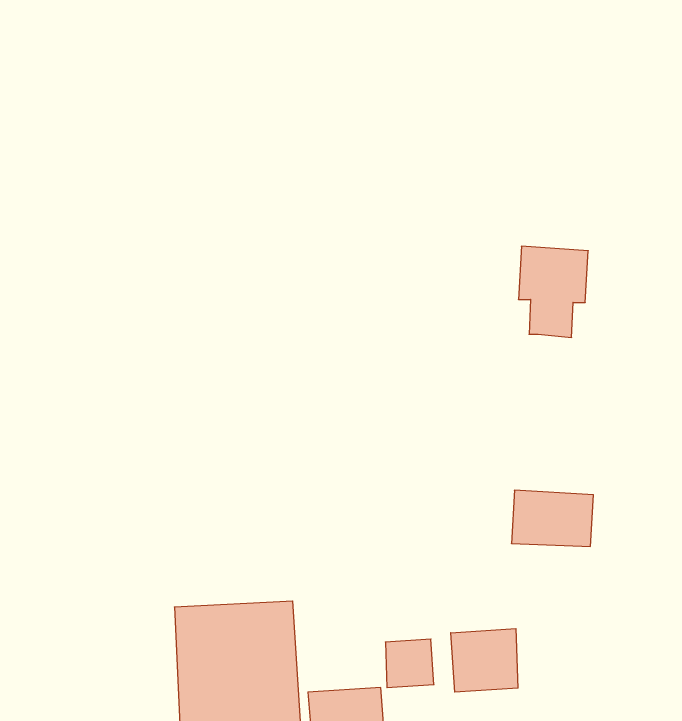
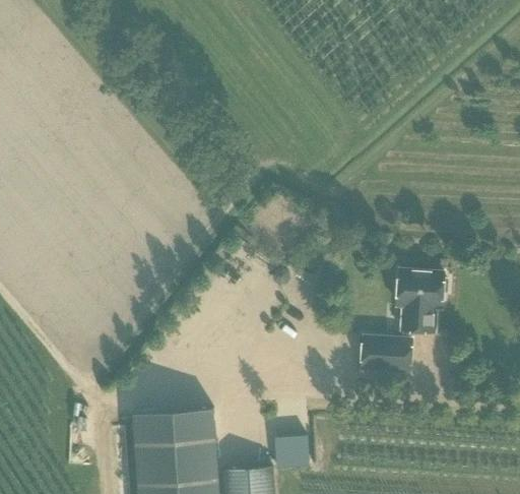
building: [518,246,588,337] -> [396,270,443,331]
building: [451,629,518,692] -> none

